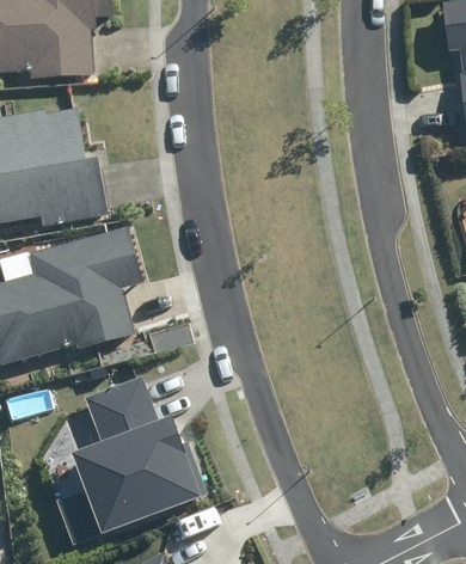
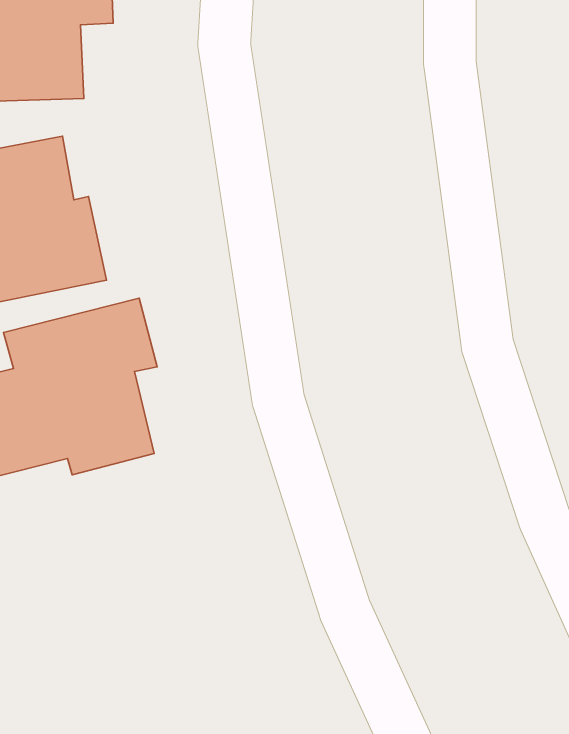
building: [67,374,207,534] -> none

